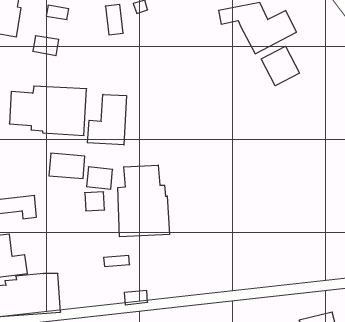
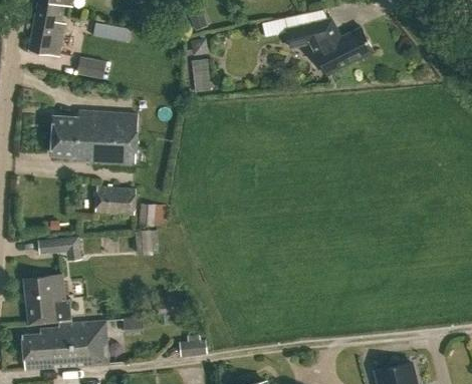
building: [105,4,123,35] -> [189,58,209,92]
building: [261,46,299,86] -> none
building: [87,94,126,145] -> none
building: [118,165,169,237] -> none

